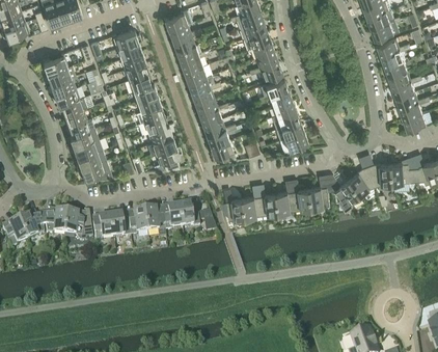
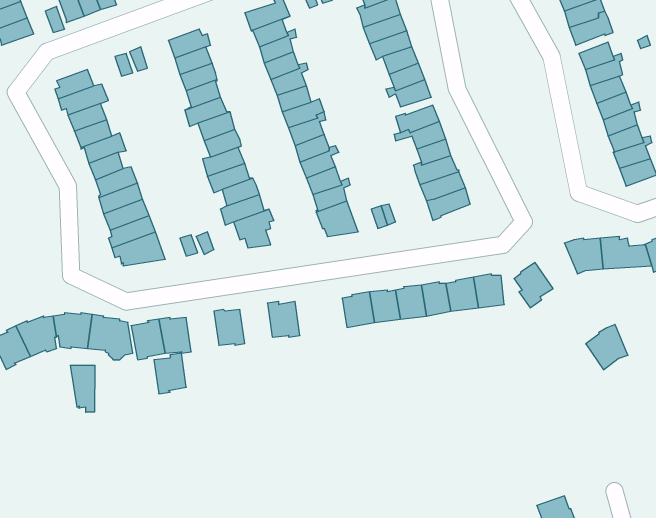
building: [349,165,376,194] -> [586,324,628,370]
building: [160,204,181,229] -> none
building: [126,209,146,235] -> [154,353,186,394]
building: none -> [70,365,95,412]

